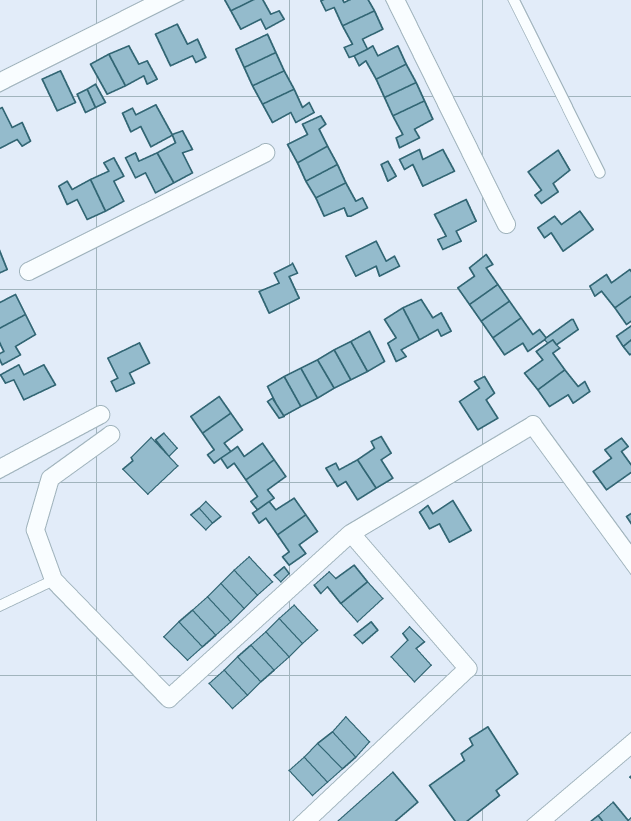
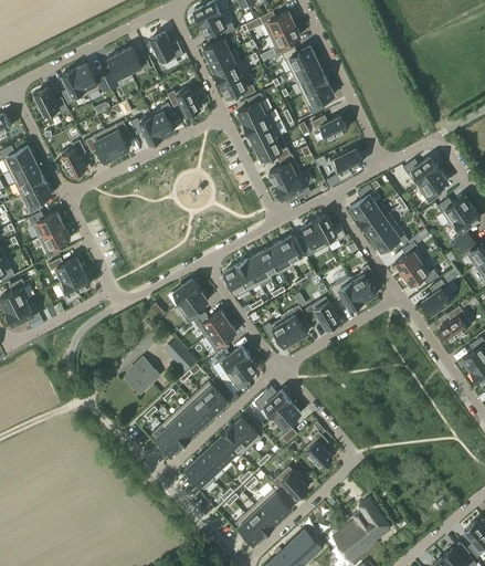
building: none -> [61,69,84,104]
building: [122,105,173,147] -> [167,88,200,116]
building: [528,150,570,203] -> [419,168,446,203]
building: none -> [61,139,85,175]
building: [259,263,299,313] -> [268,153,295,186]
building: [108,343,149,391] -> [62,271,89,303]
building: none -> [422,279,450,314]
building: none -> [329,282,362,308]
building: [123,438,178,494] -> [123,356,159,394]
building: [419,500,471,542] -> [305,301,339,328]
building: none -> [271,470,307,497]

